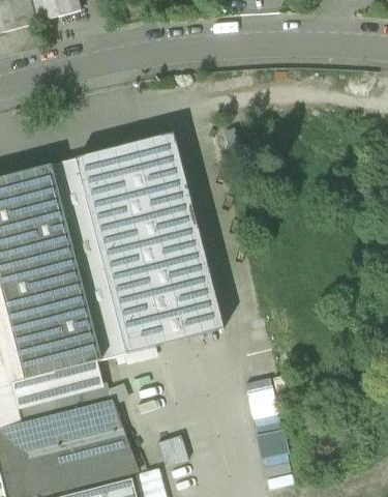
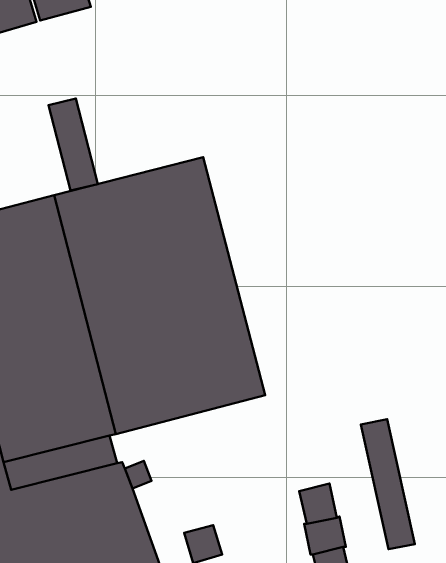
building: none -> [49,99,98,191]
building: none -> [361,419,415,549]

